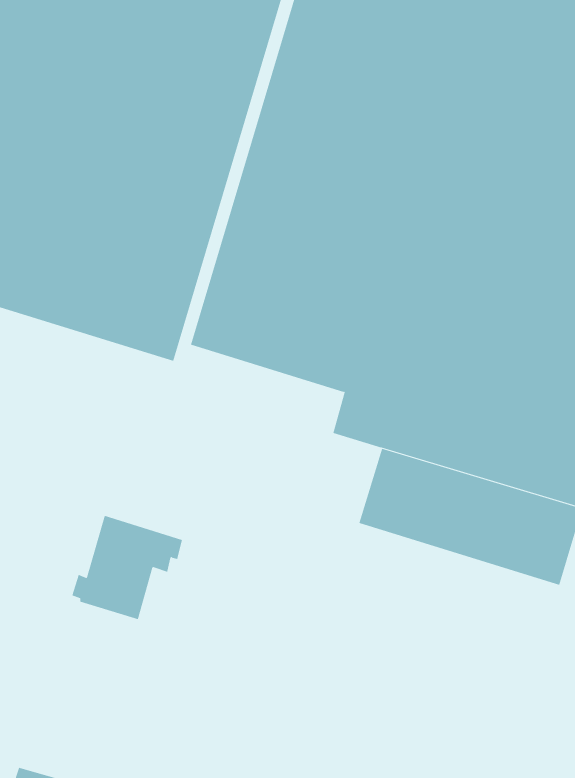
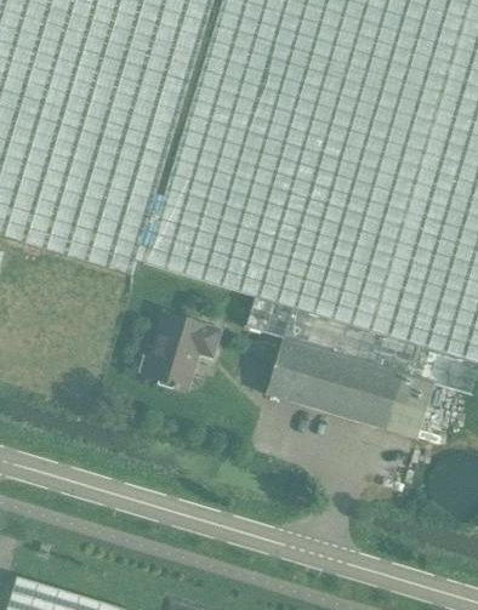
building: [71,515,183,620] -> [138,313,221,390]

